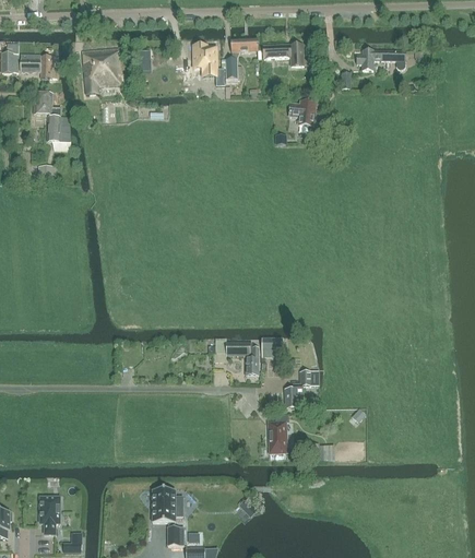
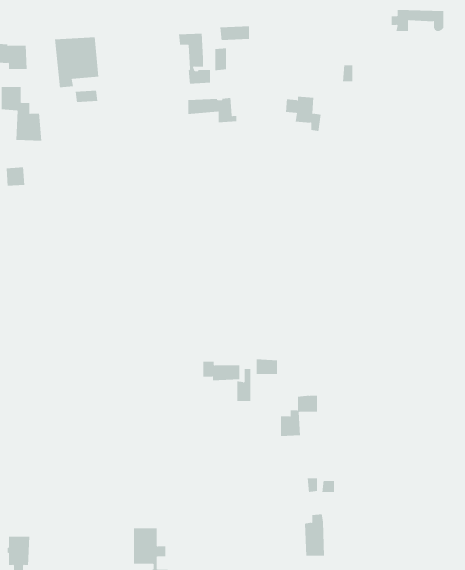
building: [263,43,308,66] -> [188,97,237,123]
building: [357,49,405,69] -> [391,10,444,32]
building: [269,413,287,451] -> [304,514,325,556]

